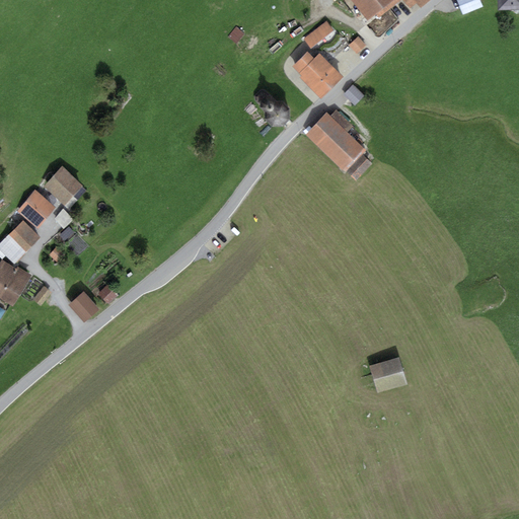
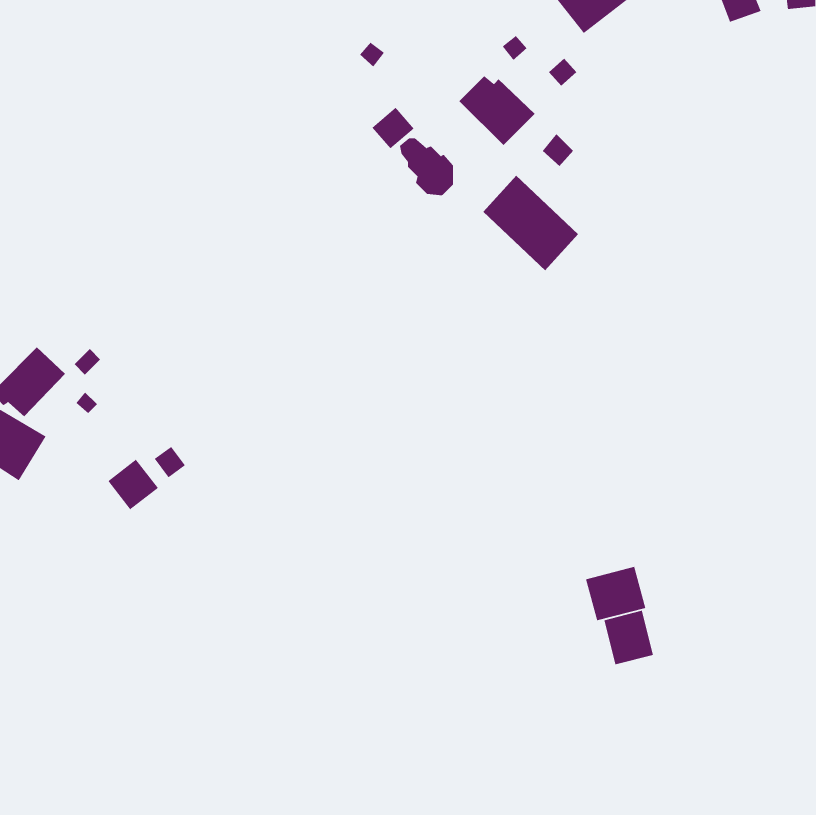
building: none -> [372,107,414,149]
building: [46,165,84,204] -> none
building: [17,189,57,227] -> none
building: none -> [604,610,653,665]

